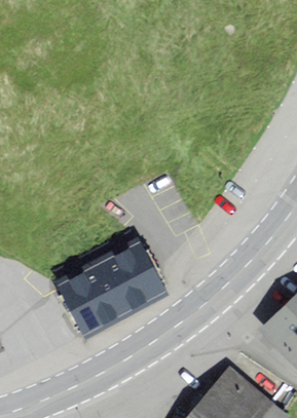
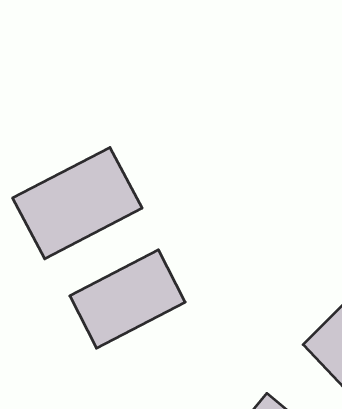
building: none -> [13,147,142,259]

